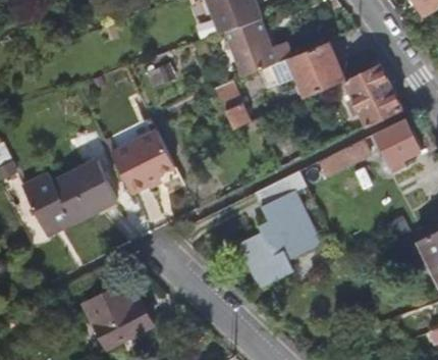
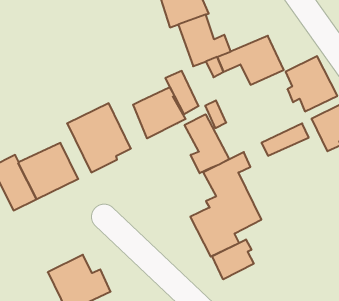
building: none -> [133,87,186,138]
building: none -> [185,114,229,173]
building: none -> [212,239,254,279]

